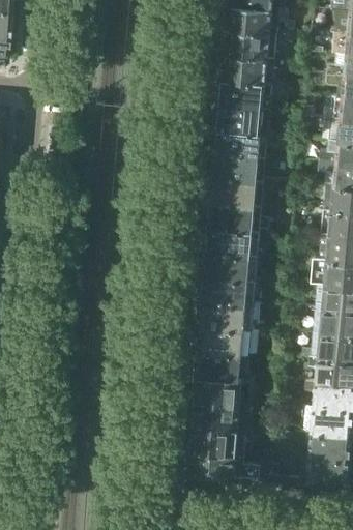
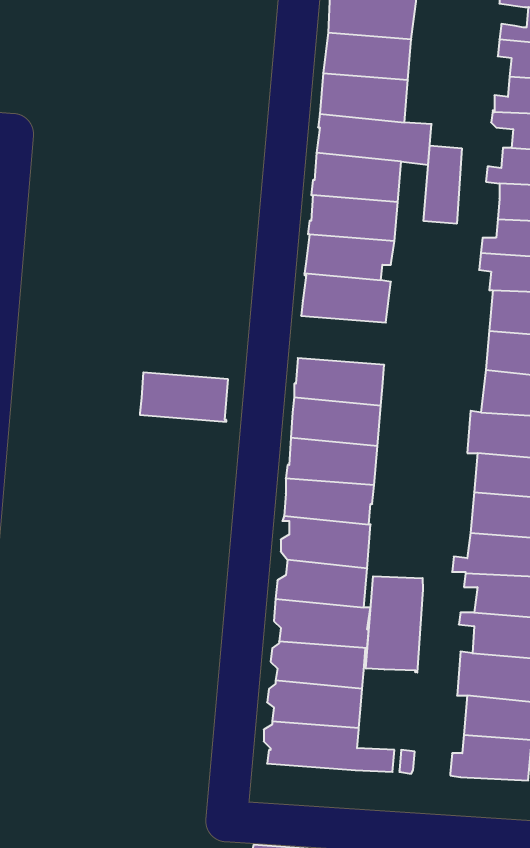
building: none -> [424,146,462,224]
building: [208,203,262,233] -> [140,372,228,422]
building: none -> [366,576,423,673]

